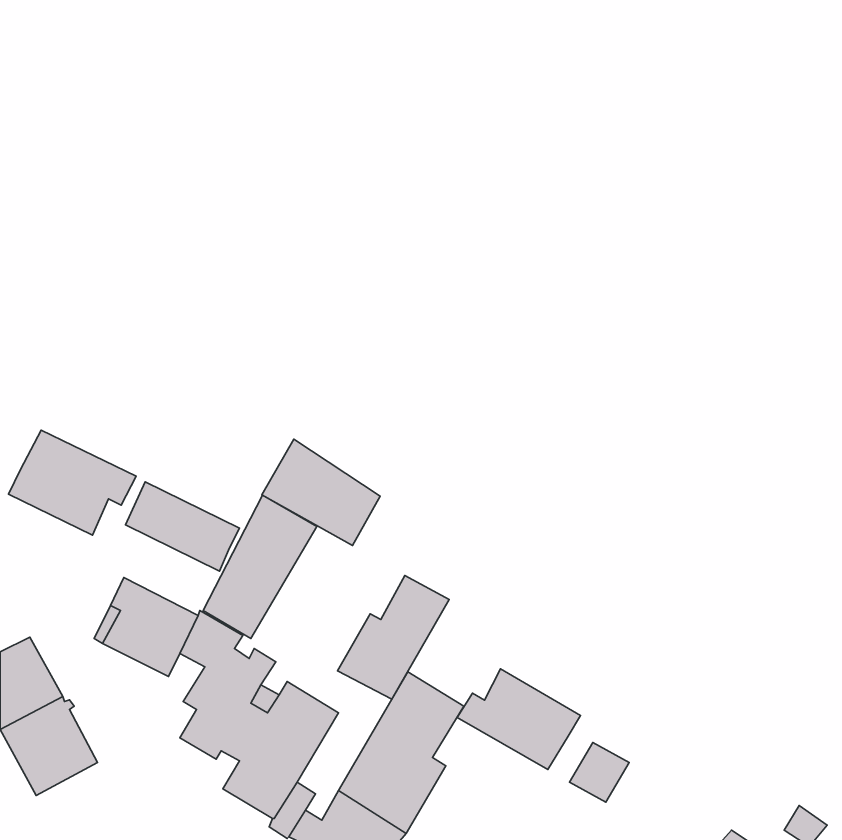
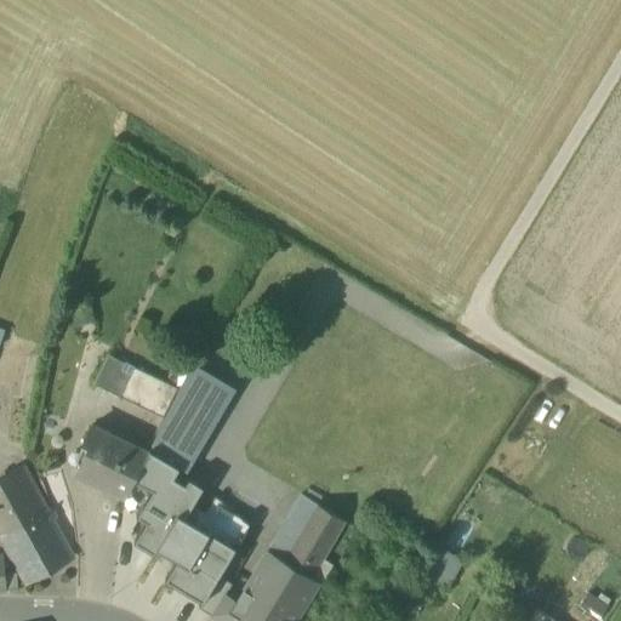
building: [9,430,136,535] -> none
building: [262,439,380,545] -> none
building: [338,575,449,699] -> none
building: [457,669,580,770] -> none

